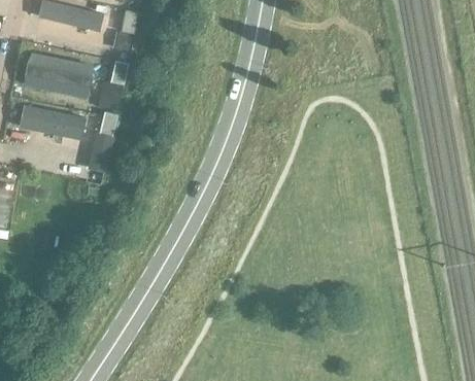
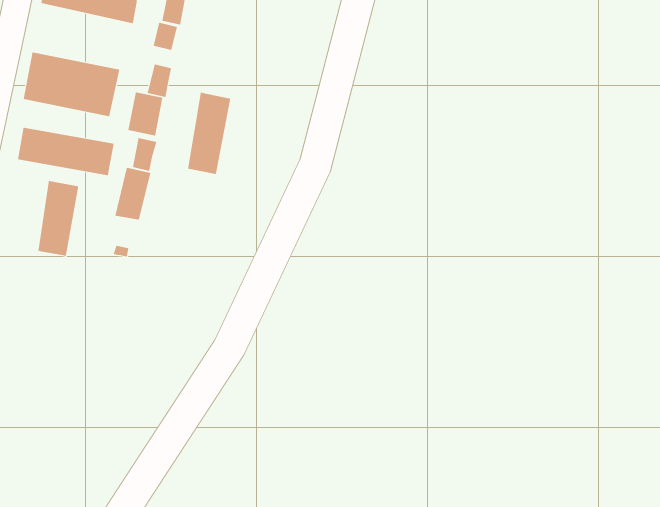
building: none -> [188,92,231,175]
building: none -> [38,180,79,257]

